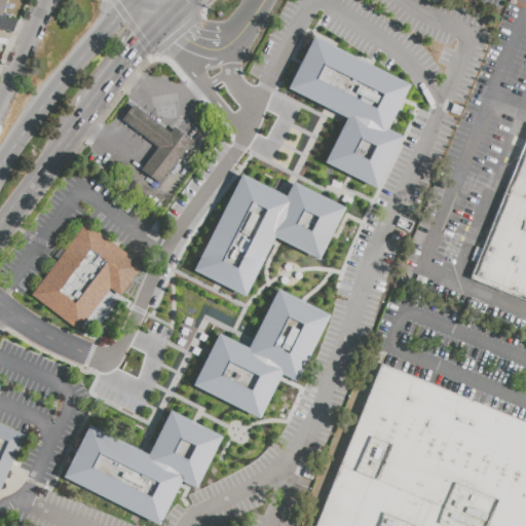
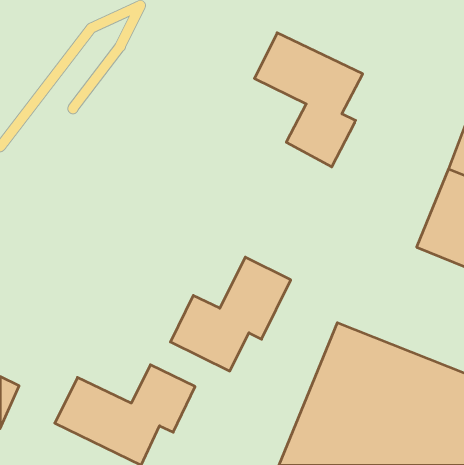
building: [122,104,193,183] -> none
building: [202,174,345,296] -> none
building: [33,223,145,330] -> none

